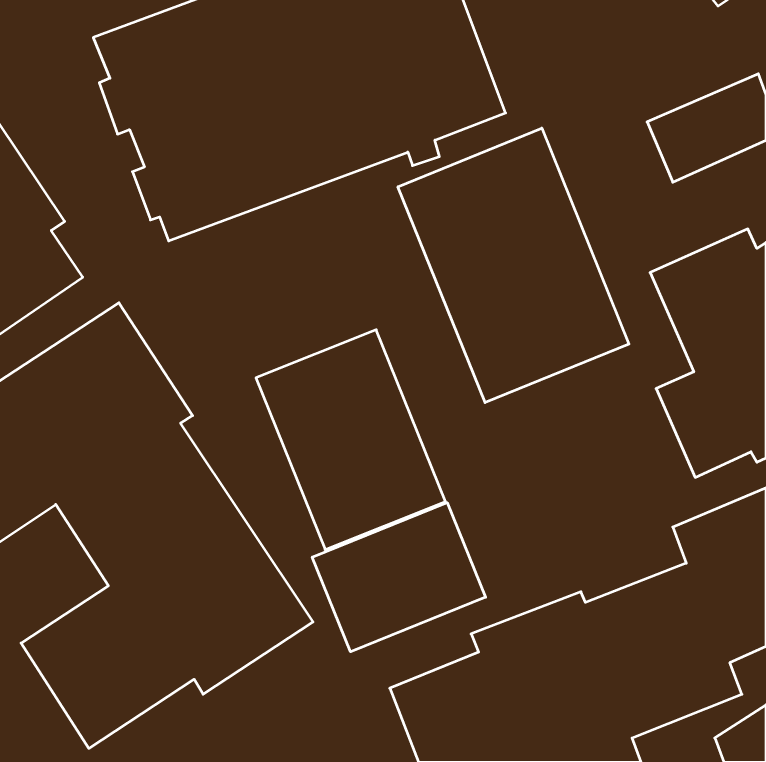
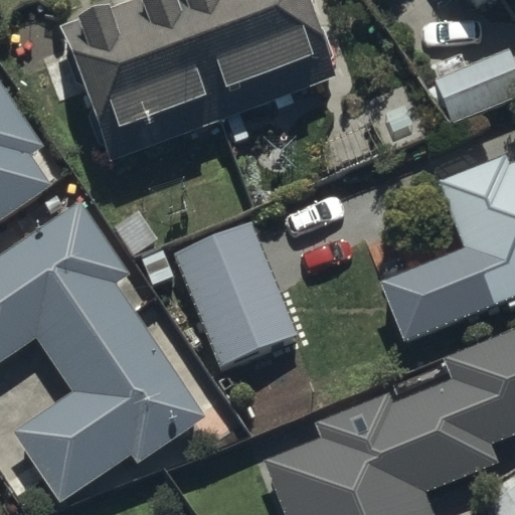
building: [398,128,629,403] -> none
building: [312,503,486,652] -> none

